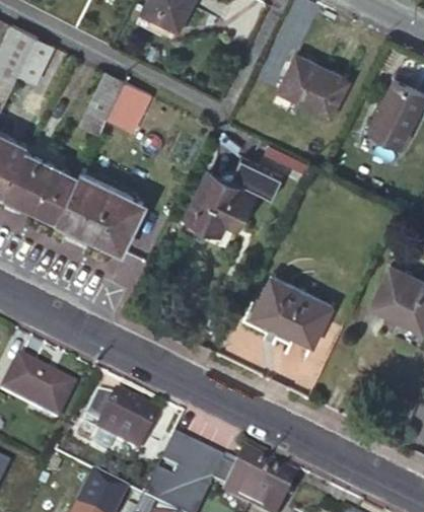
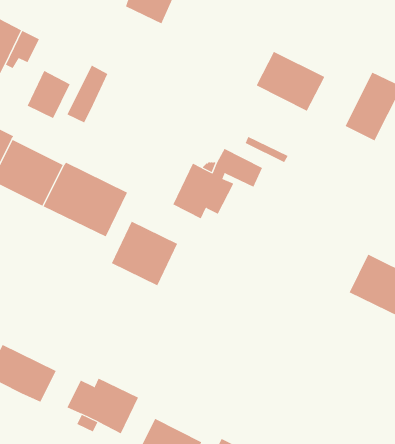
building: [108,83,152,133] -> [27,70,70,119]
building: none -> [111,221,178,286]
building: [254,279,333,347] -> none

